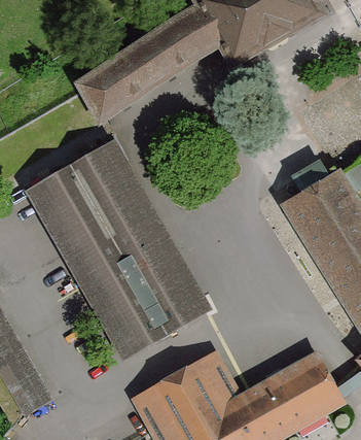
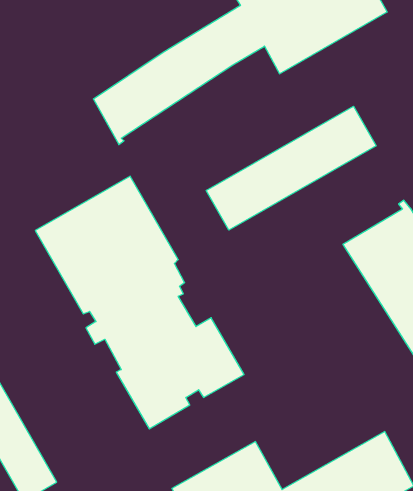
building: none -> [206,106,376,230]

